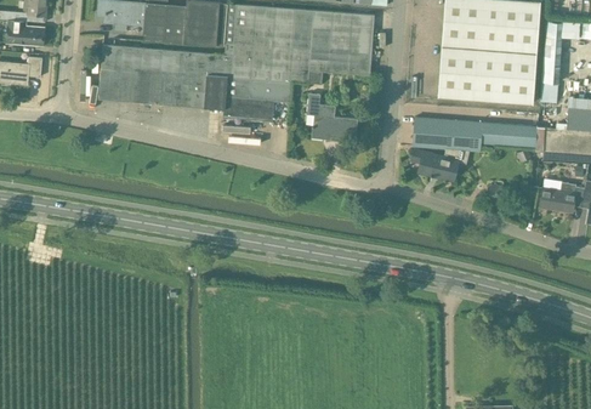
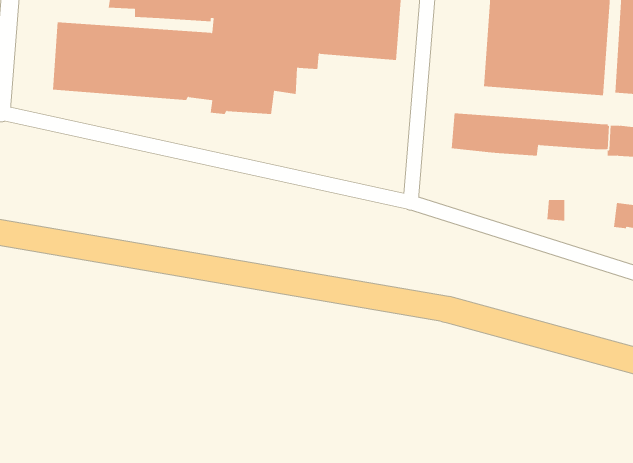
building: [307,95,358,141] -> none
building: [413,149,461,181] -> none

